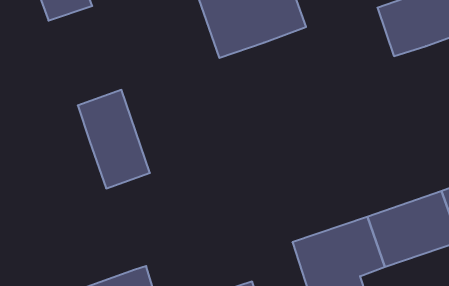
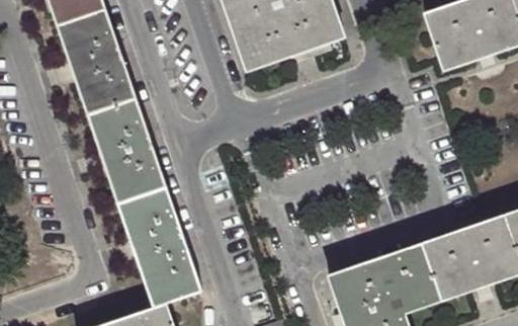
building: none -> [58,13,139,124]
building: none -> [121,198,202,306]

